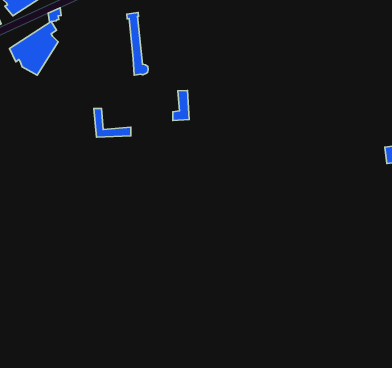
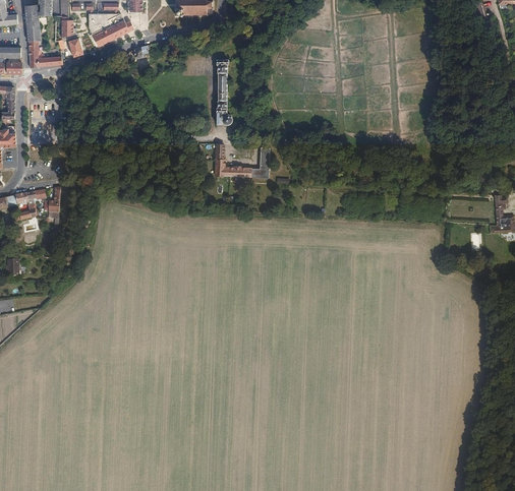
building: [9,22,58,75] -> none
building: [94,108,131,137] -> [215,144,252,178]

